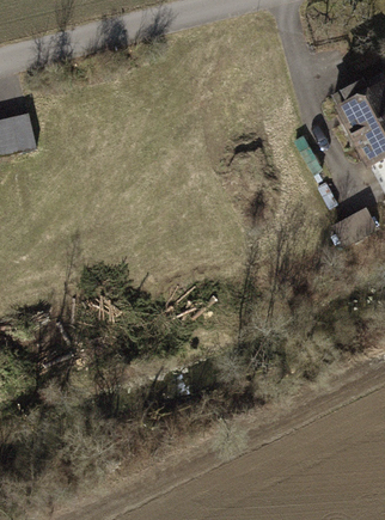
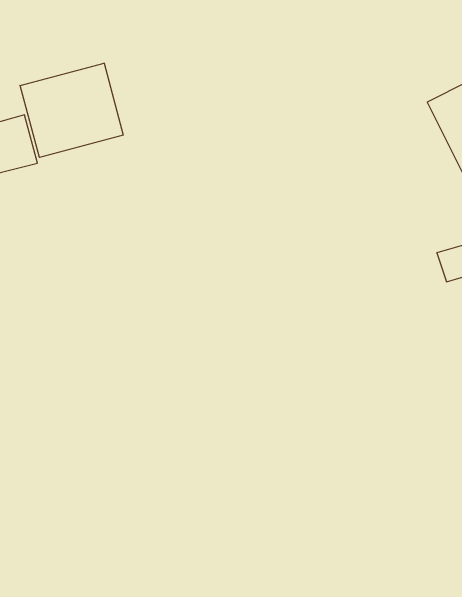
building: none -> [20,63,123,157]

